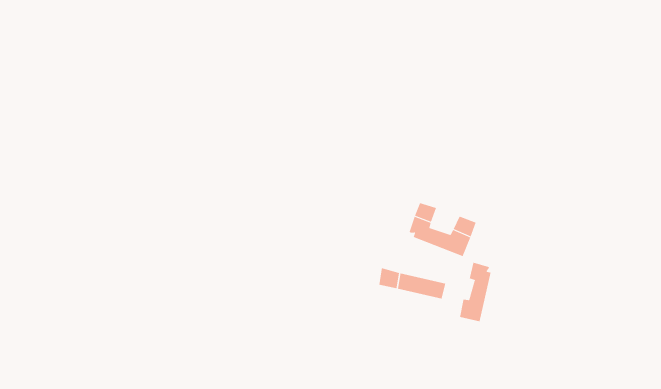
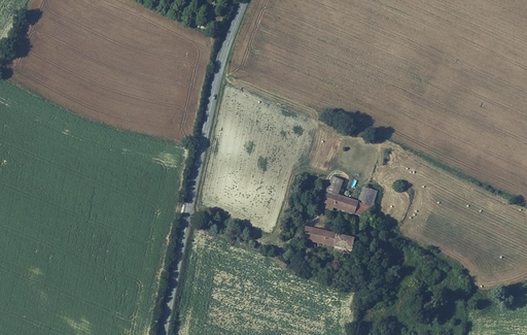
building: [459,262,491,322] -> none

